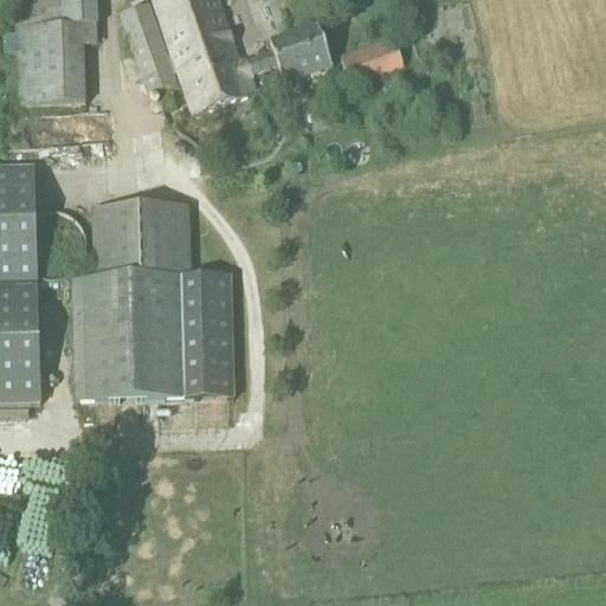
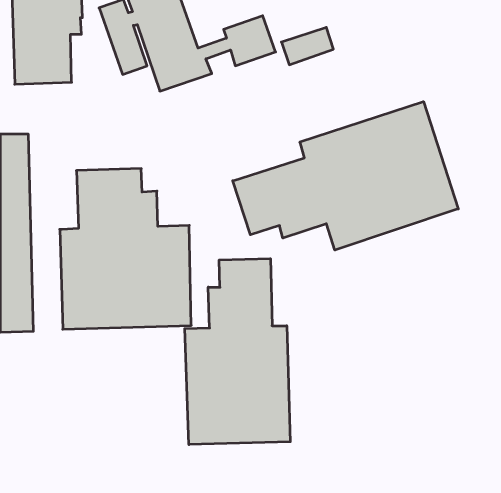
building: none -> [233,102,458,250]
building: none -> [185,259,290,445]

